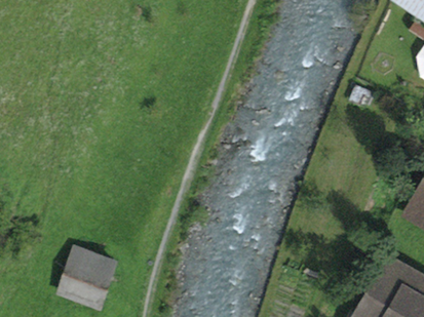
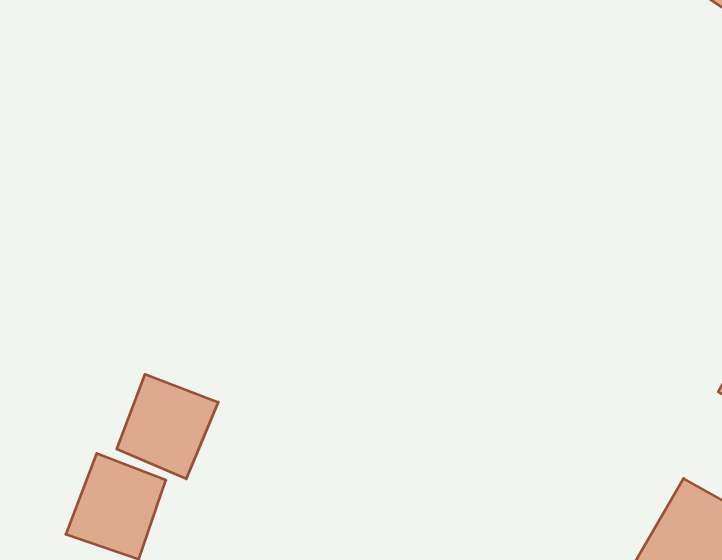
building: none -> [117,374,218,479]

